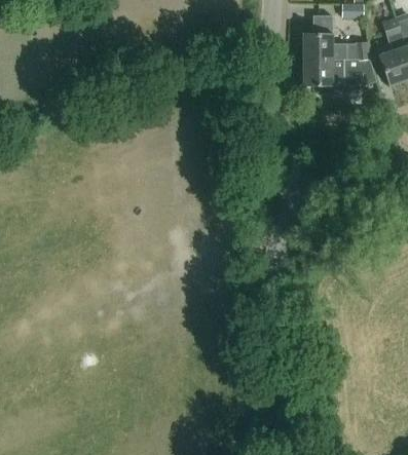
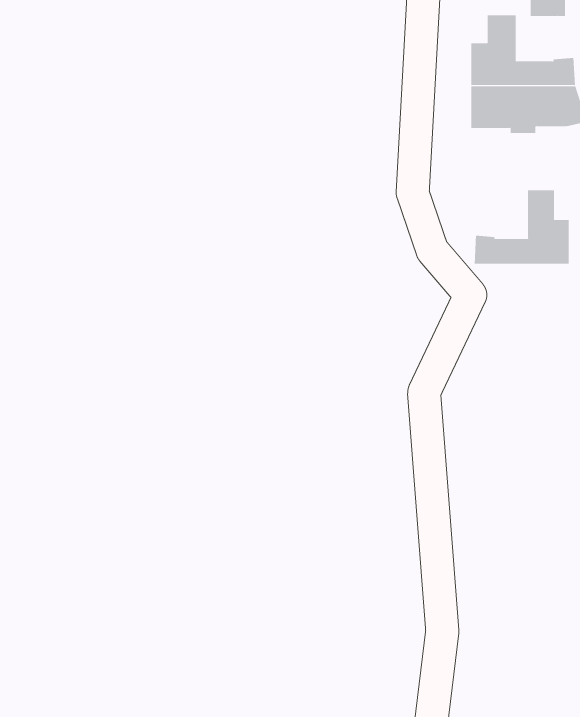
building: none -> [474,190,569,264]

